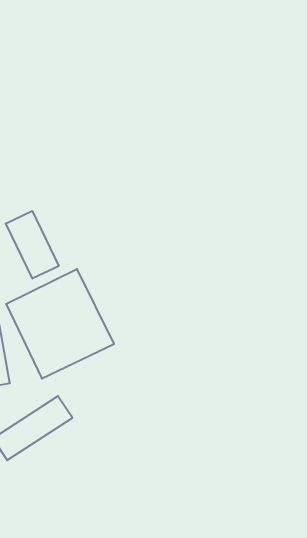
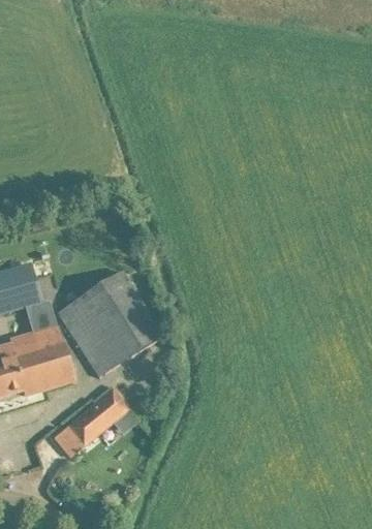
building: [6,211,59,279] -> none

